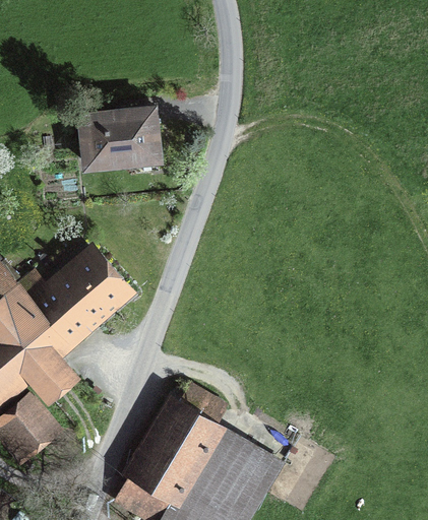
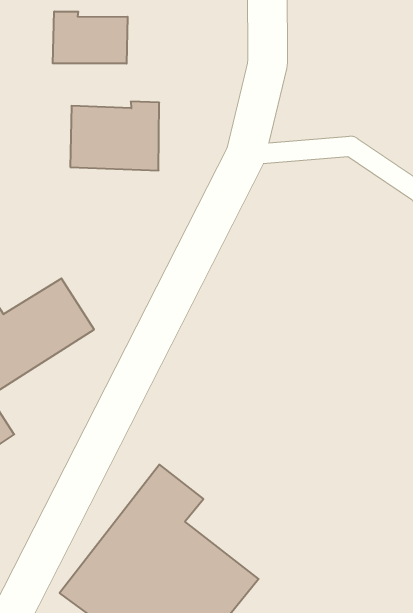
building: none -> [53,11,128,64]

